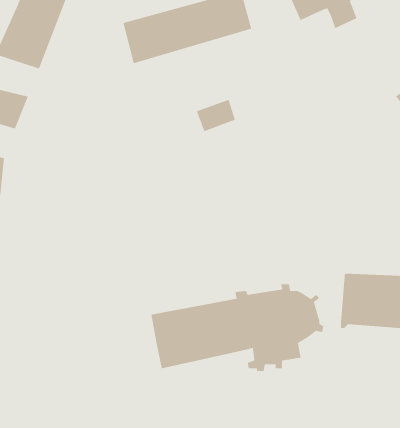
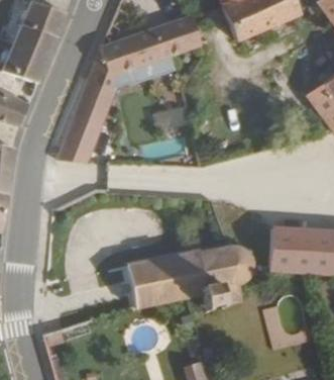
building: none -> [60,44,119,159]

